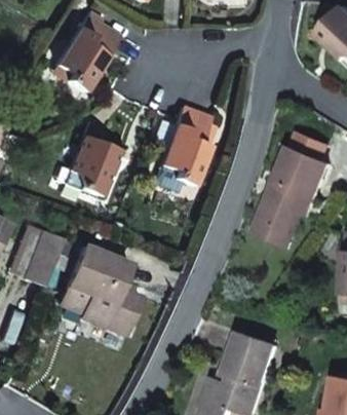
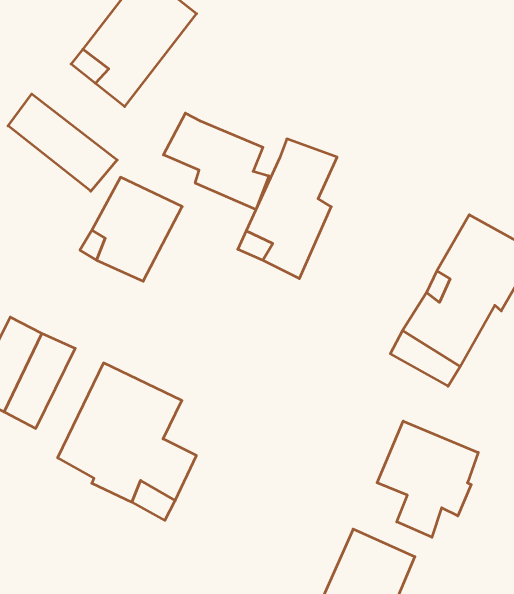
building: none -> [8,94,117,191]
building: none -> [163,113,269,210]
building: none -> [377,421,478,537]

